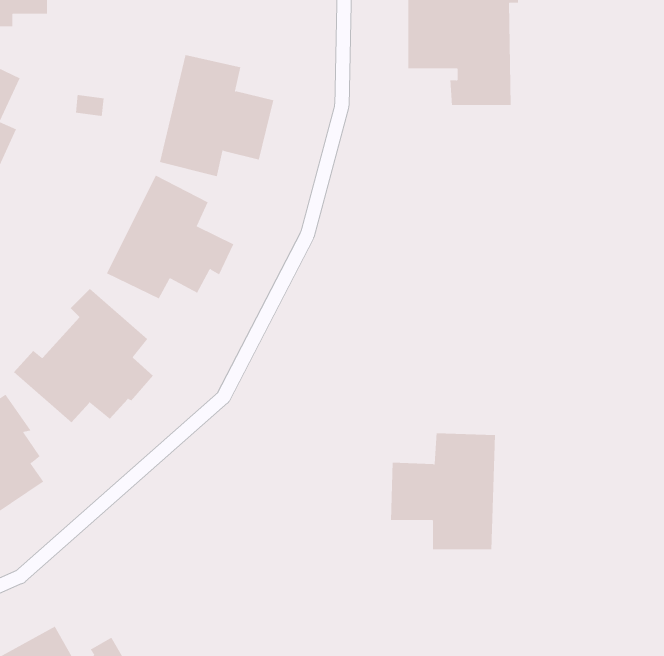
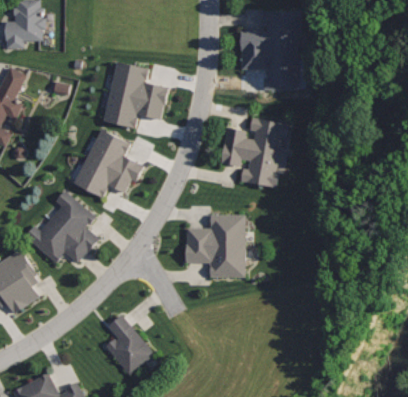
building: none -> [218,117,287,189]
building: [390,433,496,550] -> [185,213,243,277]
building: none -> [104,314,155,376]

